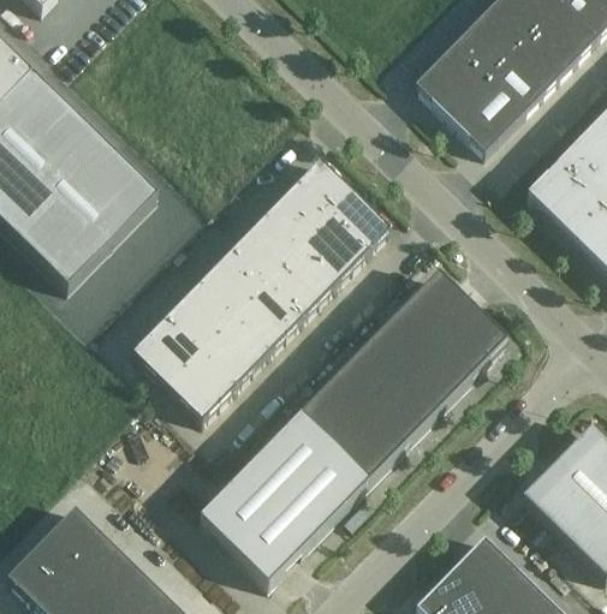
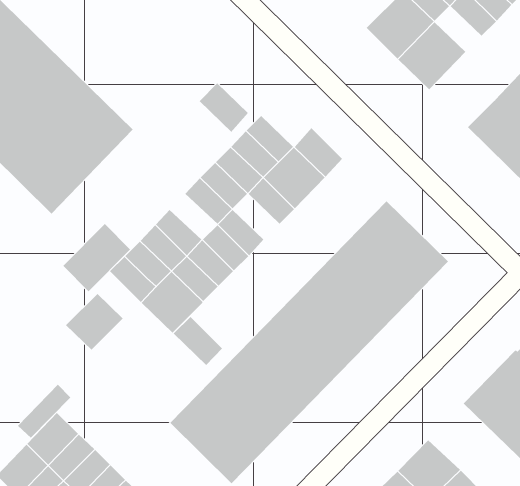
building: [490,59,542,109] -> none
building: [299,159,355,214] -> [199,83,249,133]
building: [198,266,251,316] -> none
building: [268,266,320,316] -> none
building: none -> [62,223,131,292]
building: none -> [65,293,124,351]
building: none -> [173,316,223,366]
building: none -> [17,384,71,438]

